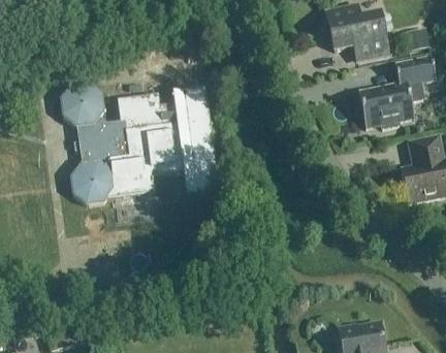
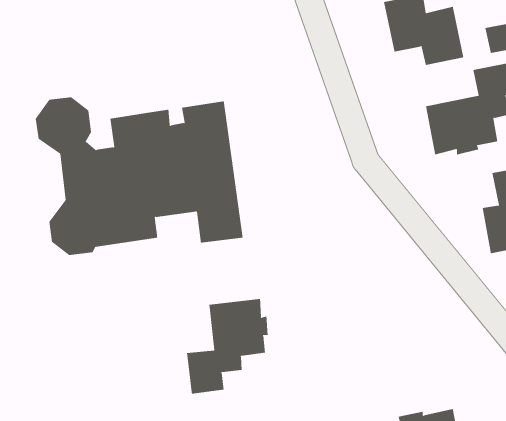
building: none -> [186,298,268,395]

